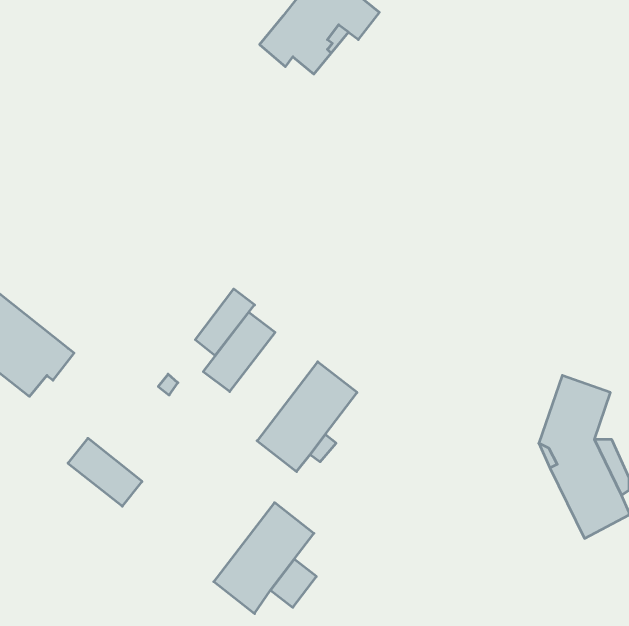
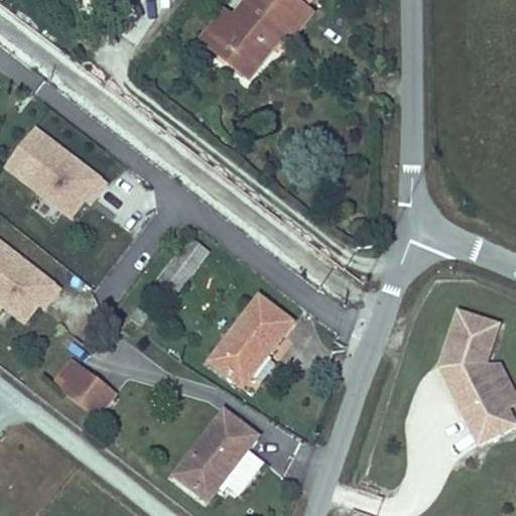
building: none -> [202,9,256,75]
building: none -> [4,127,107,219]
building: [203,312,275,392] -> none

